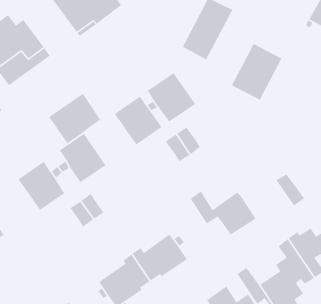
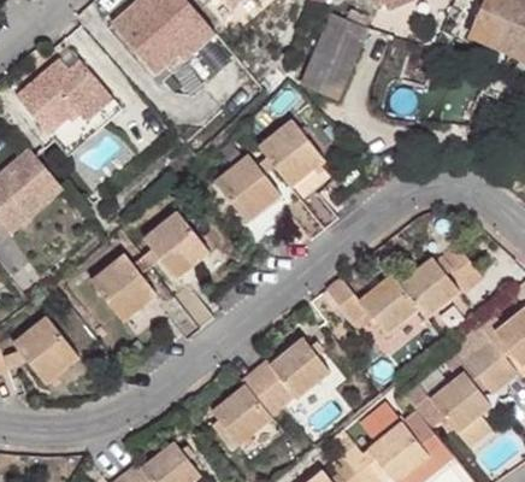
building: [231,43,283,101] -> none
building: [48,93,101,144] -> none
building: none -> [399,257,459,318]

